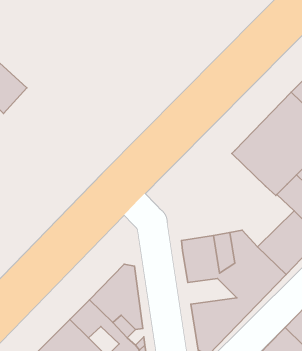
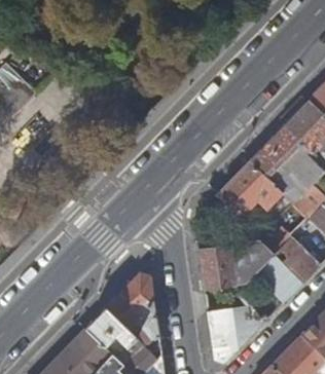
building: none -> [216,161,283,218]

